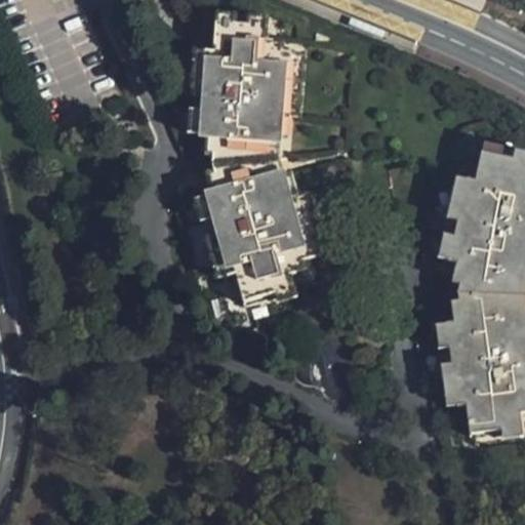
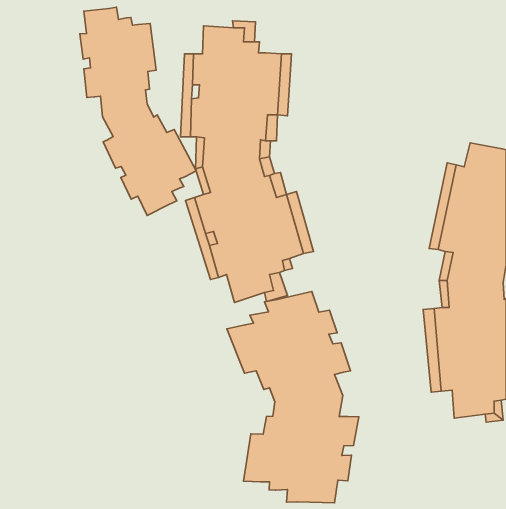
building: none -> [80,7,196,215]
building: none -> [227,292,359,503]

